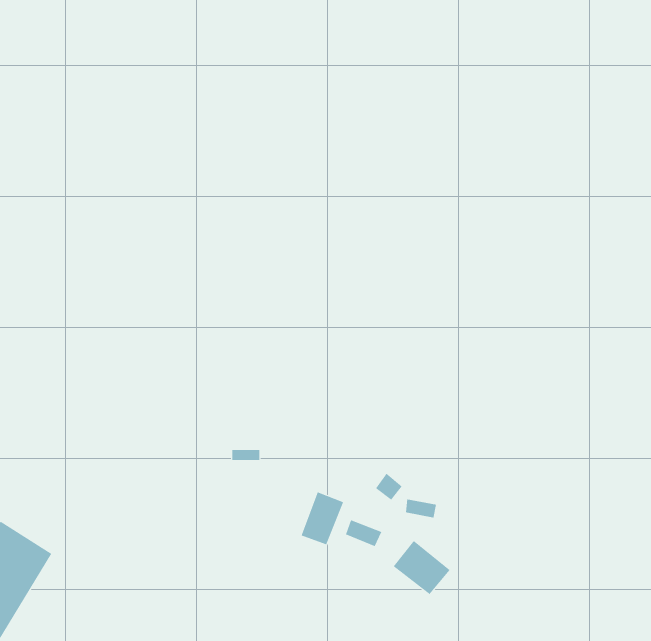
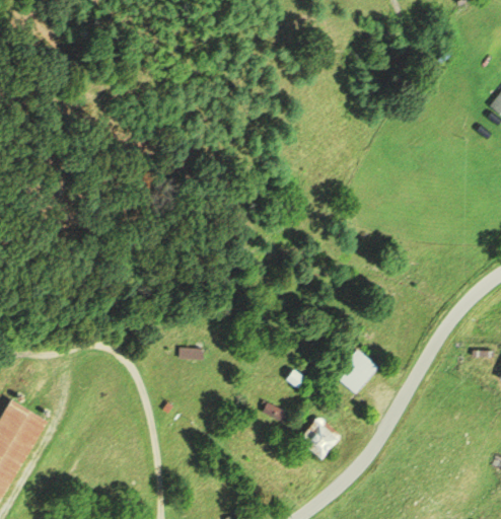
building: none -> [332,347,379,394]
building: [301,492,344,545] -> none

